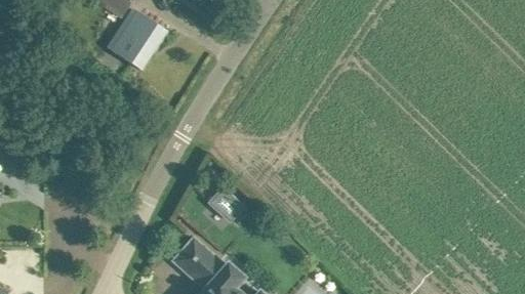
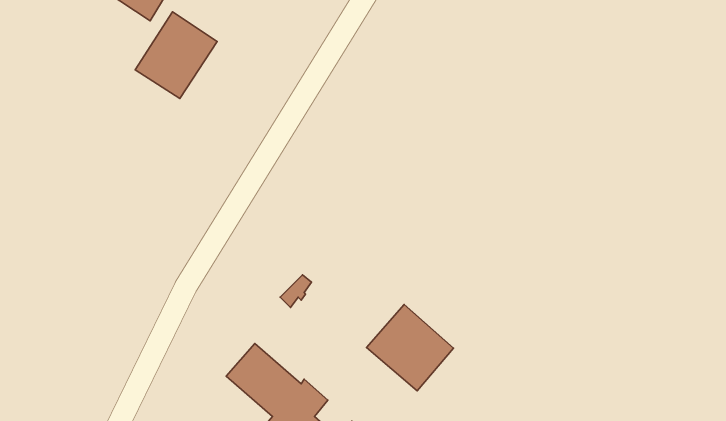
building: none -> [366,304,454,391]

